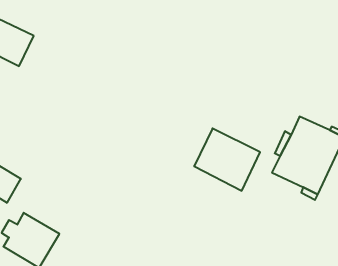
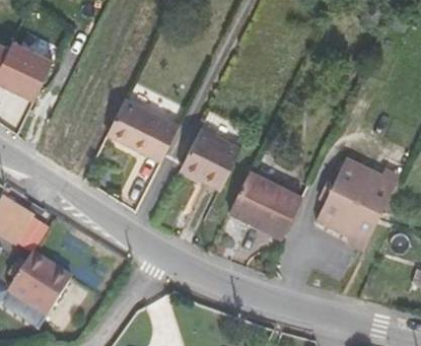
building: none -> [108,99,176,159]
building: none -> [177,125,239,188]

